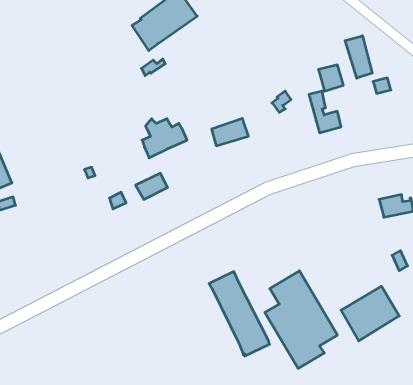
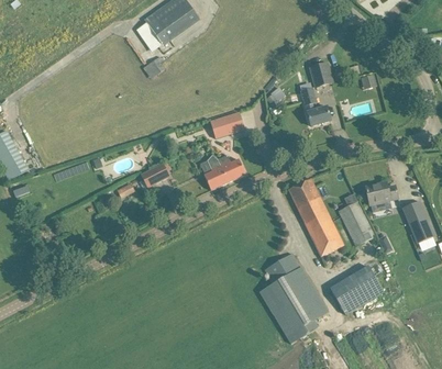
building: [345,36,372,78] -> none
building: [142,119,187,158] -> [203,154,245,190]
building: none -> [338,201,374,245]
building: [209,272,270,356] -> [287,178,343,256]

